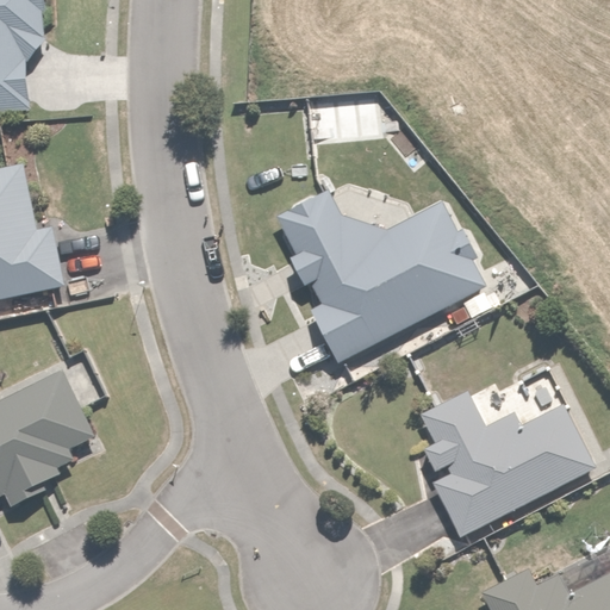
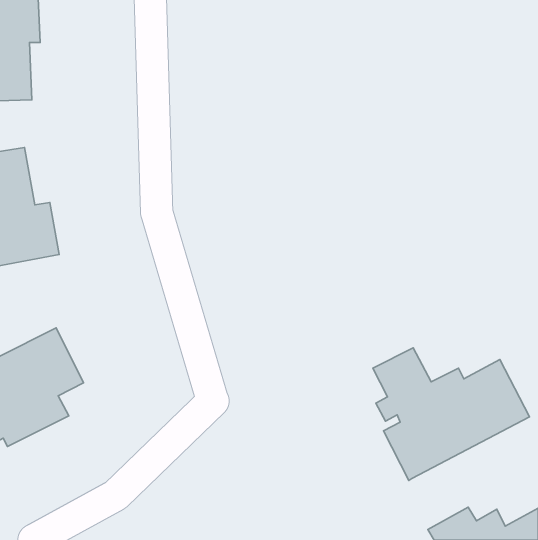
building: [276,189,487,363] -> none

